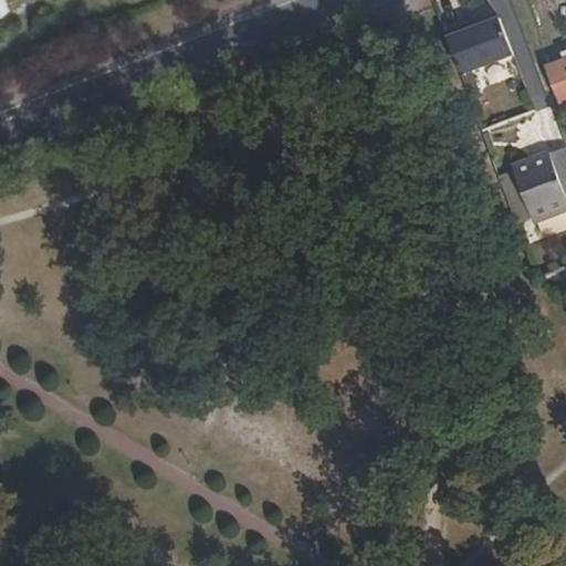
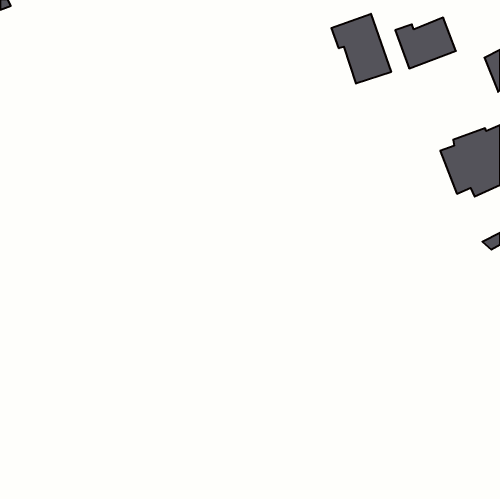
building: none -> [331,14,391,84]

